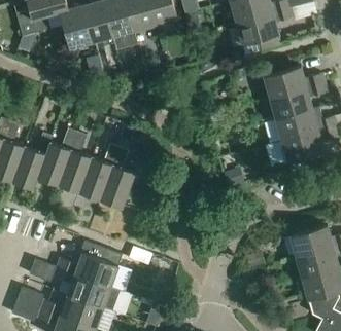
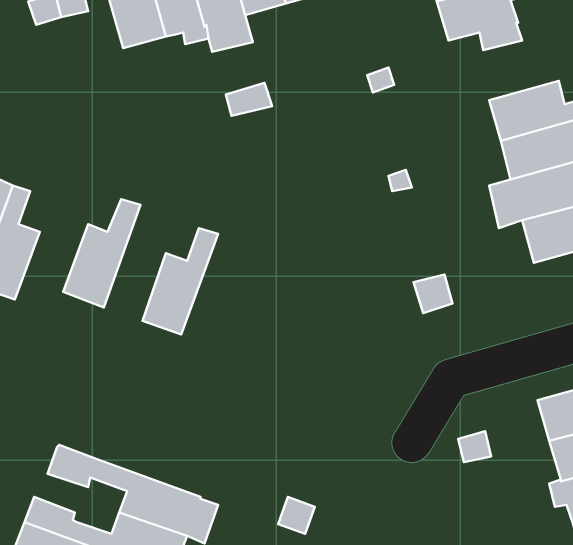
building: [59,133,92,194] -> none
building: [11,134,53,191] -> none
building: [100,148,134,209] -> none
building: [57,242,122,288] -> none

